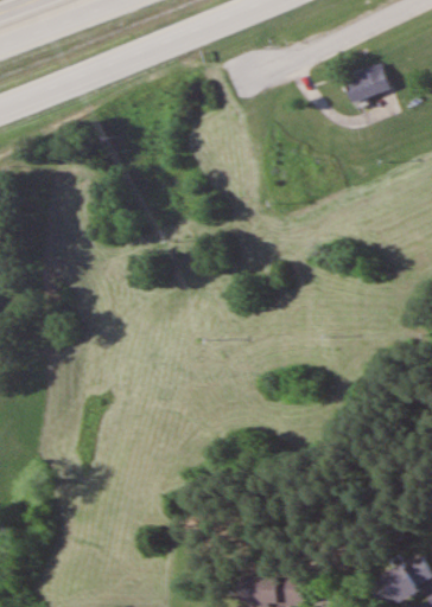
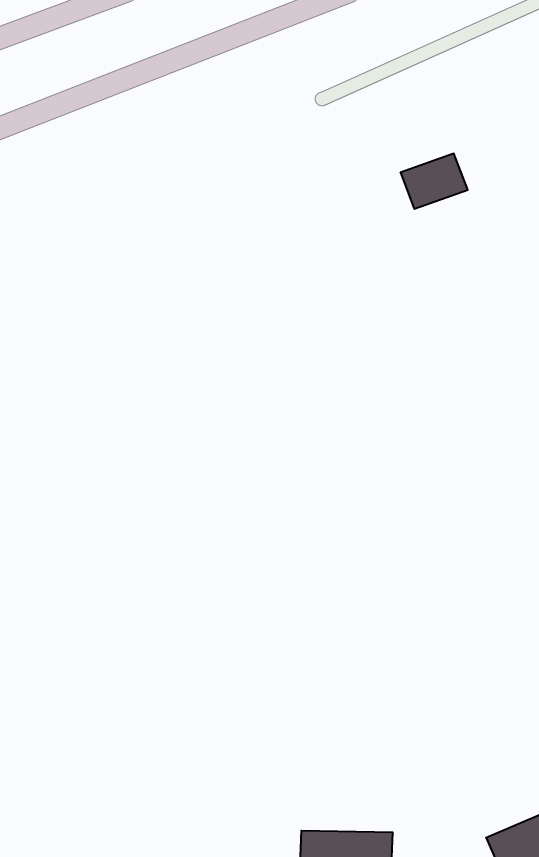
building: [343,63,389,101] -> [400,154,468,209]

